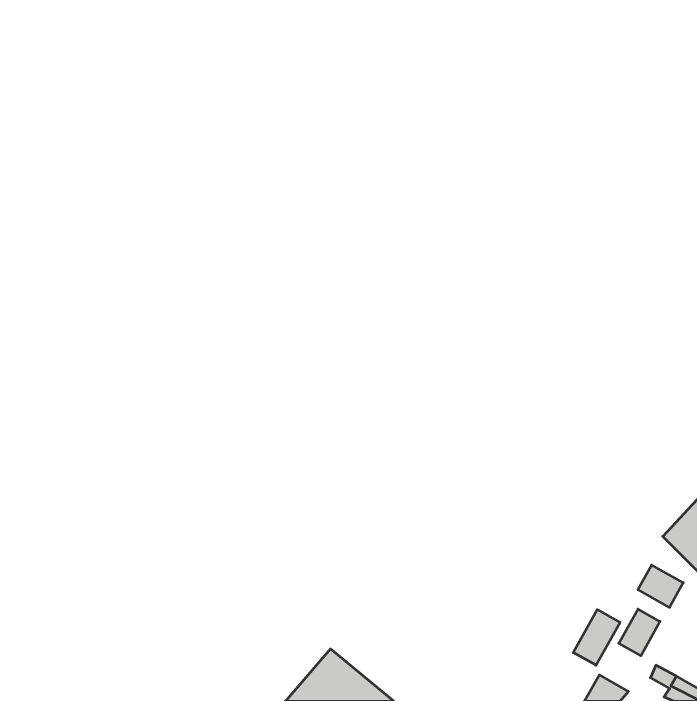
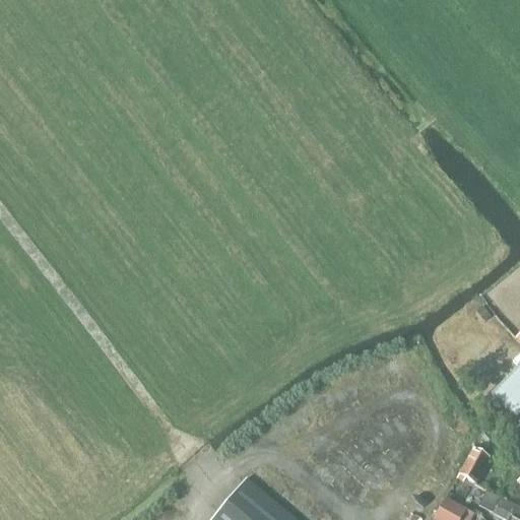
building: [638,565,683,607] -> none
building: [573,610,620,665] -> none

